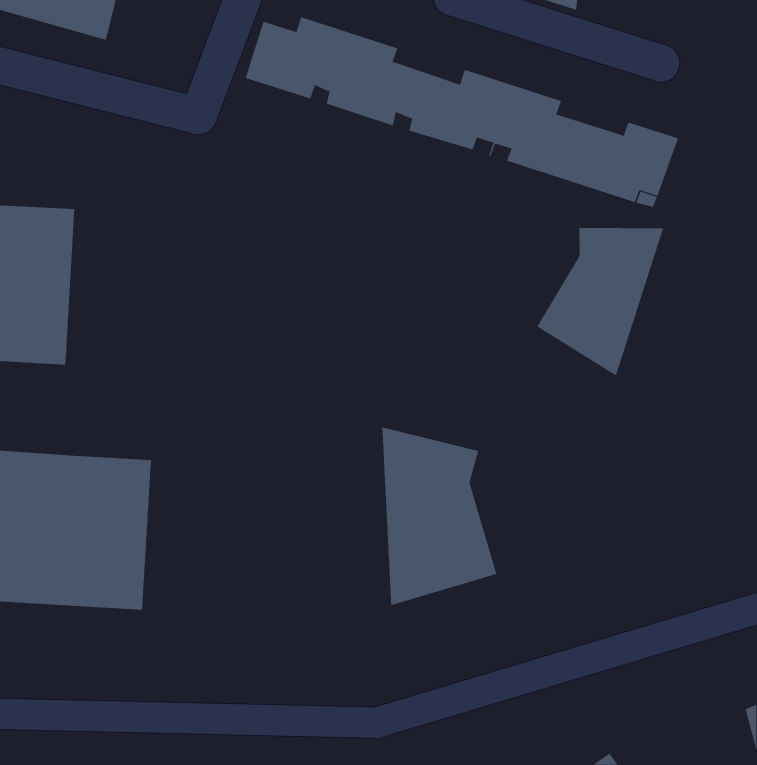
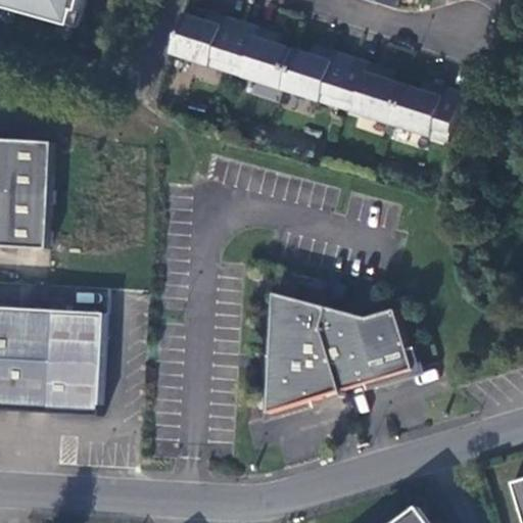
building: [536,227,664,377] -> none
building: none -> [320,306,412,390]

